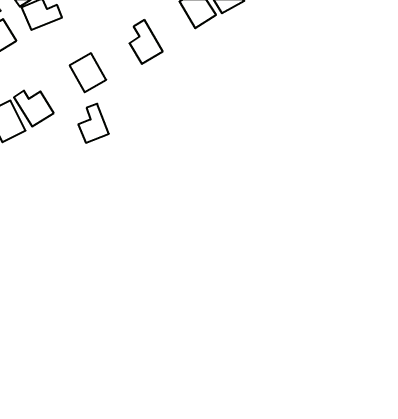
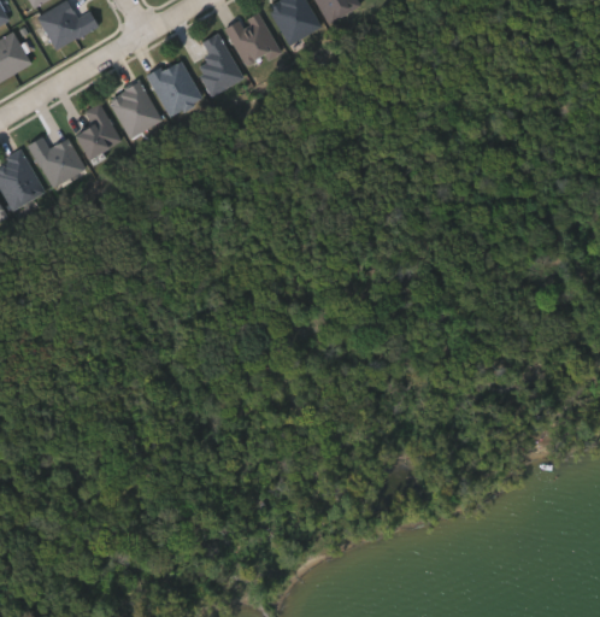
building: none -> [225,10,281,70]
building: none -> [148,58,201,116]
building: [78,104,109,143] -> [75,101,119,158]

